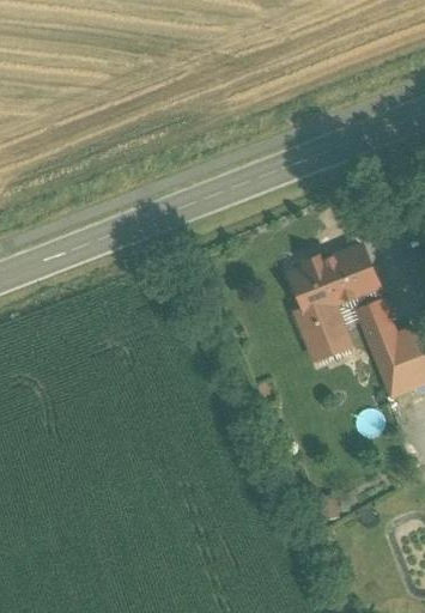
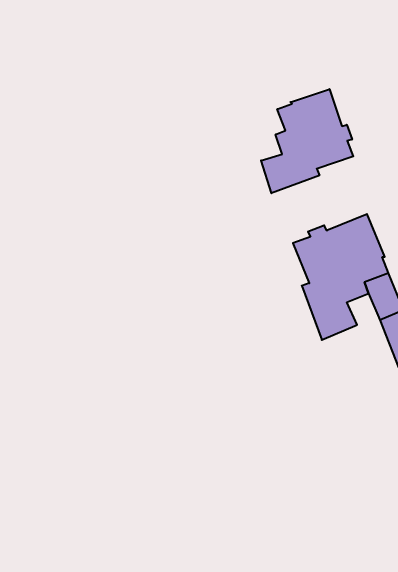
building: none -> [261,89,353,193]

